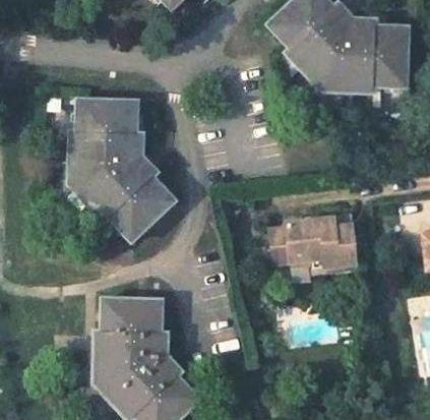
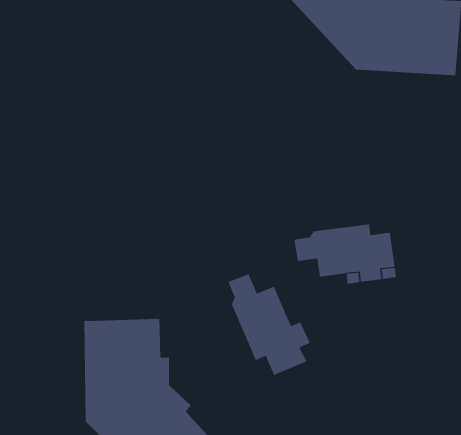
building: [71,99,175,245] -> none
building: none -> [228,274,310,376]

